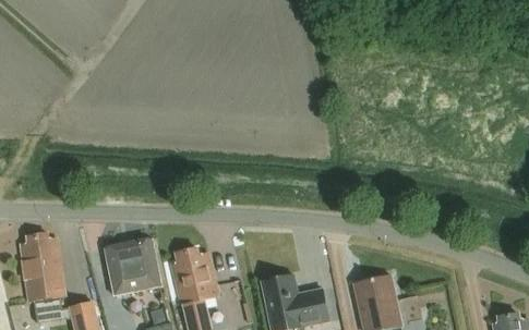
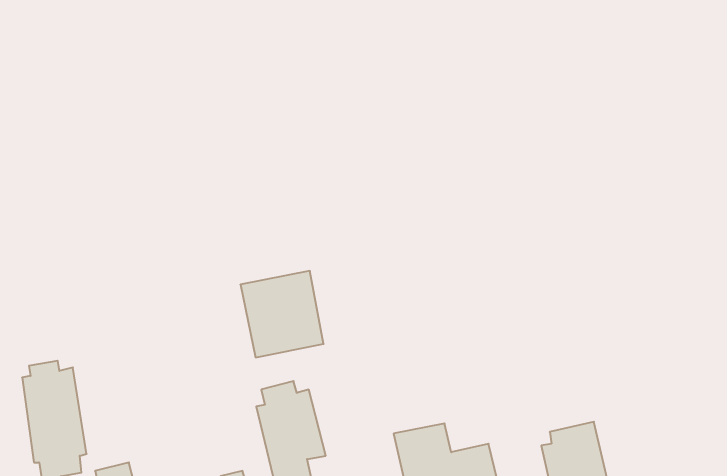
building: [106,240,159,295] -> [240,271,324,357]

